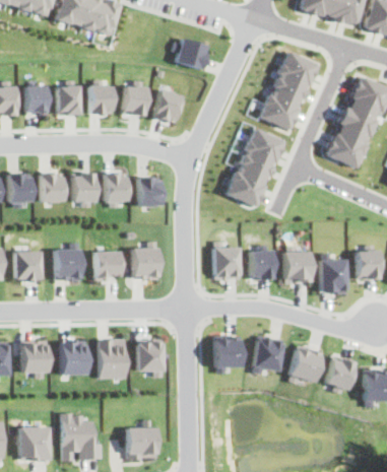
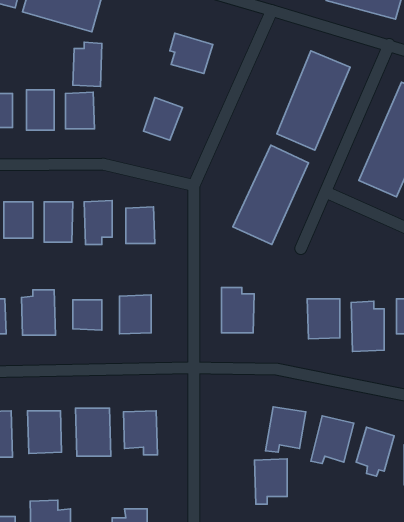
building: [123,80,146,116] -> [73,42,102,86]
building: [252,250,274,279] -> none
building: [215,337,242,374] -> [255,459,287,504]

